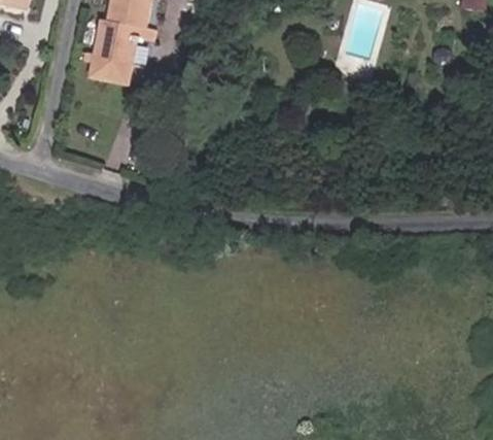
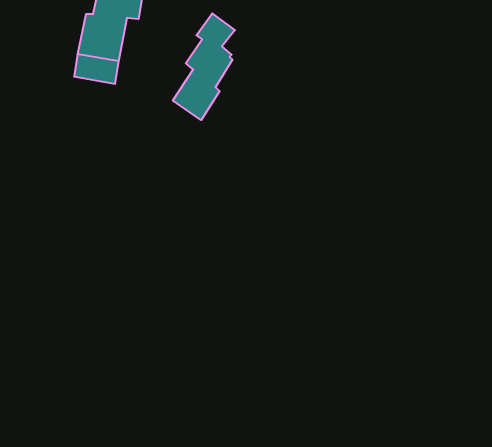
building: none -> [173,13,235,120]

